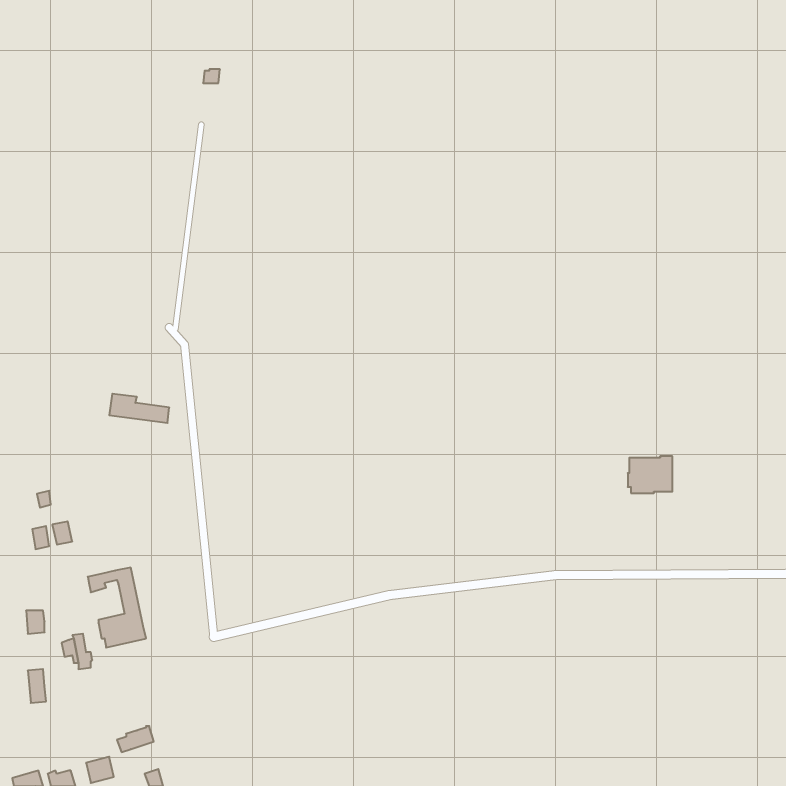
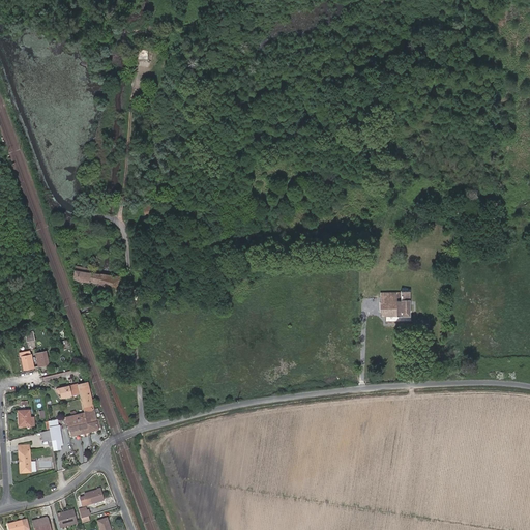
building: [628,456,672,493] -> [379,291,409,316]

